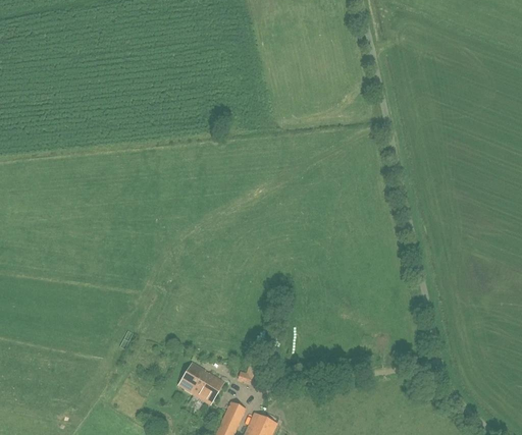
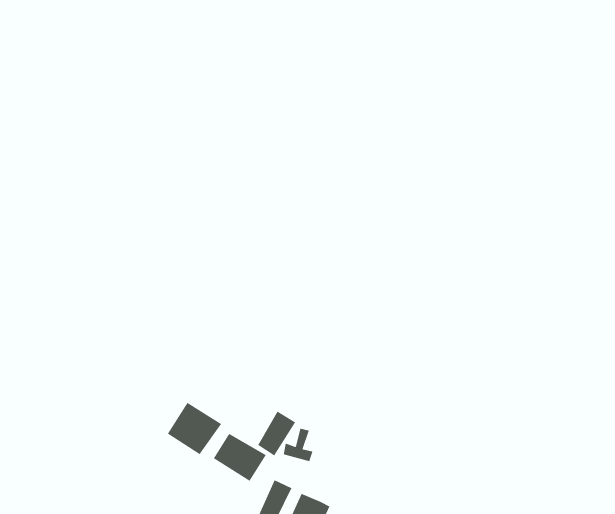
building: none -> [167,402,222,455]
building: none -> [257,411,296,456]

